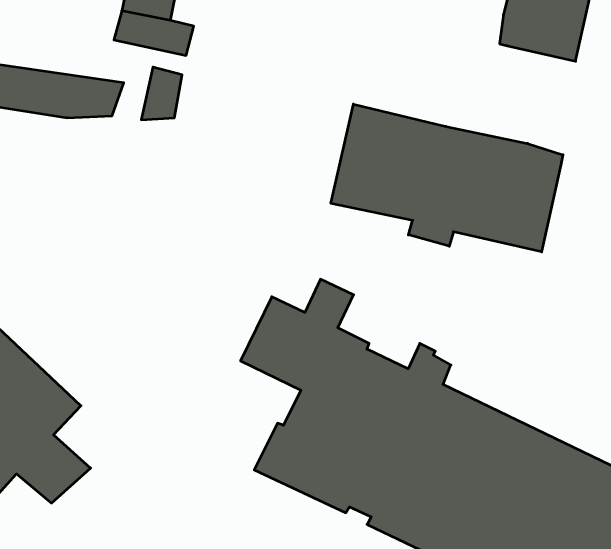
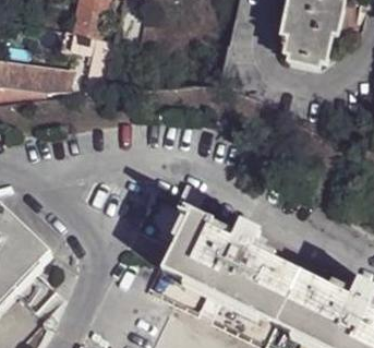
building: [331,104,563,252] -> none

